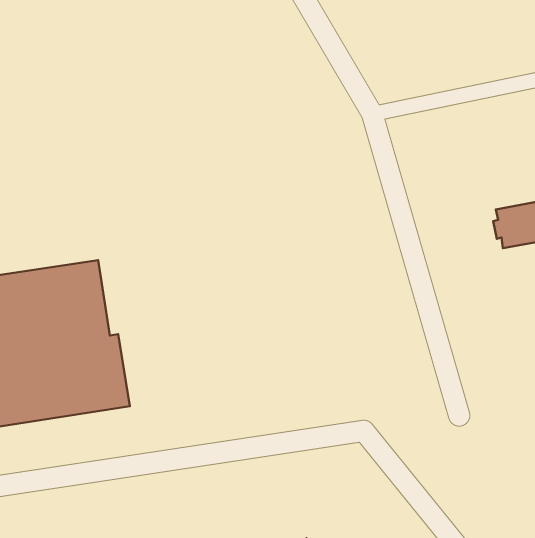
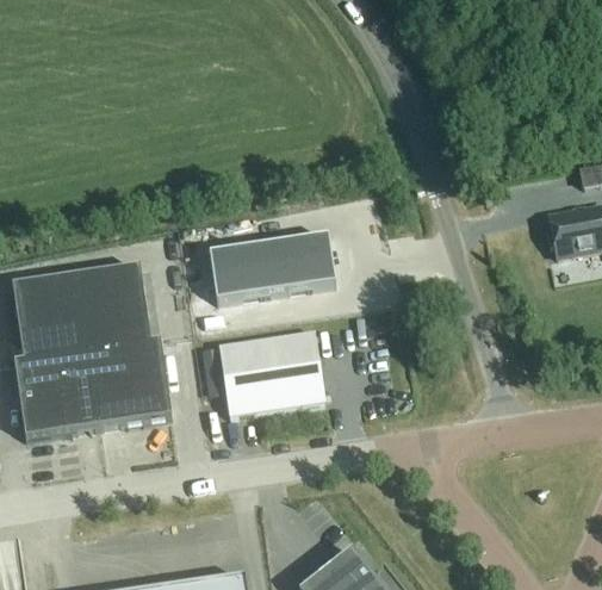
building: none -> [210,237,335,302]
building: none -> [218,331,324,417]

